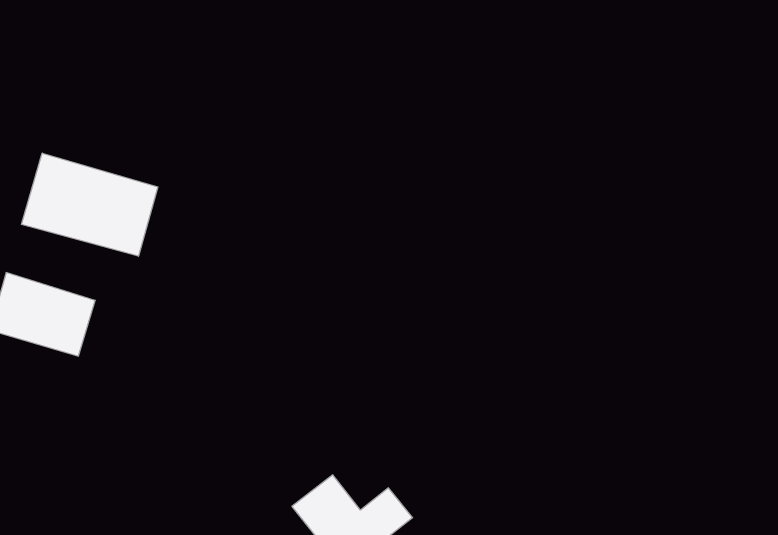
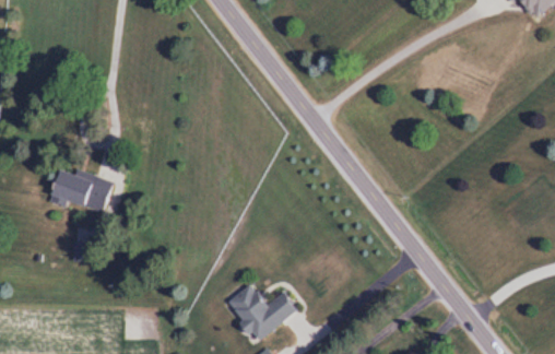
building: [21,153,158,256] -> none

